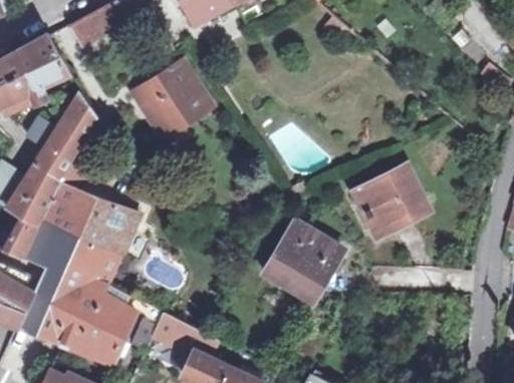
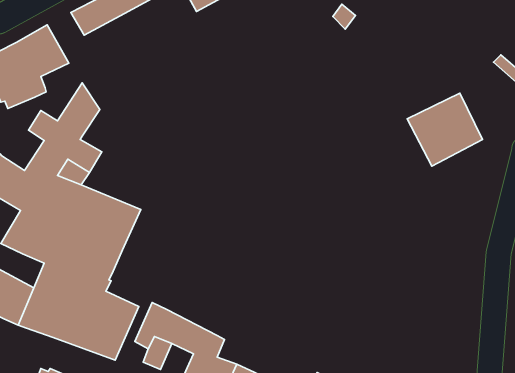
building: [135,63,209,135] -> none
building: [353,165,427,237] -> [407,93,482,166]
building: [263,220,342,297] -> none

